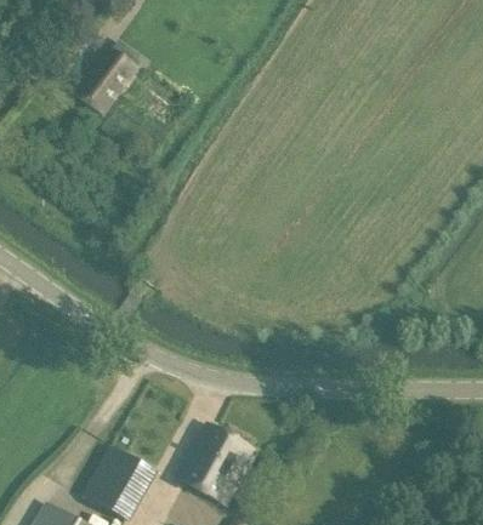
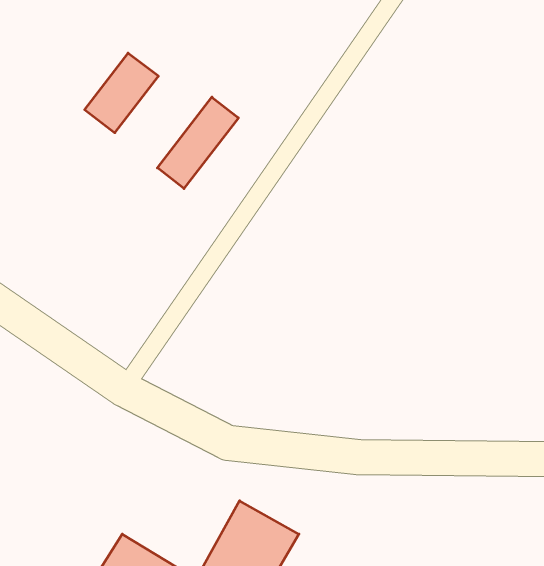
building: none -> [157,97,238,189]

